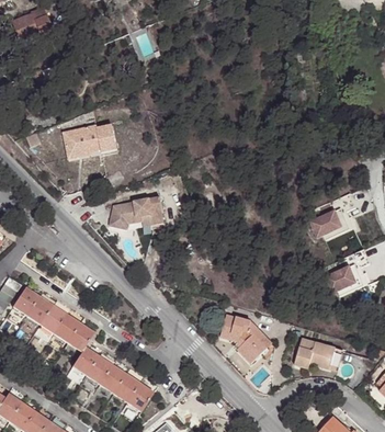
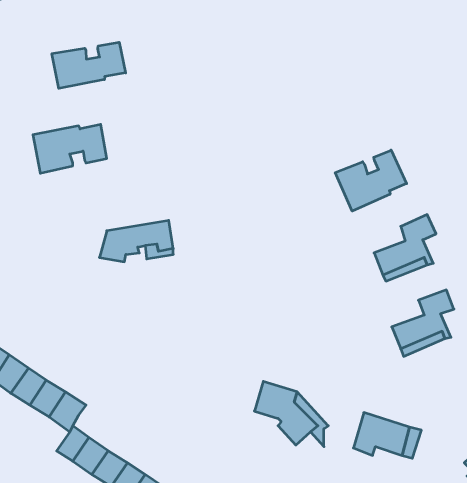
building: none -> [52,42,126,88]
building: none -> [335,150,407,211]

